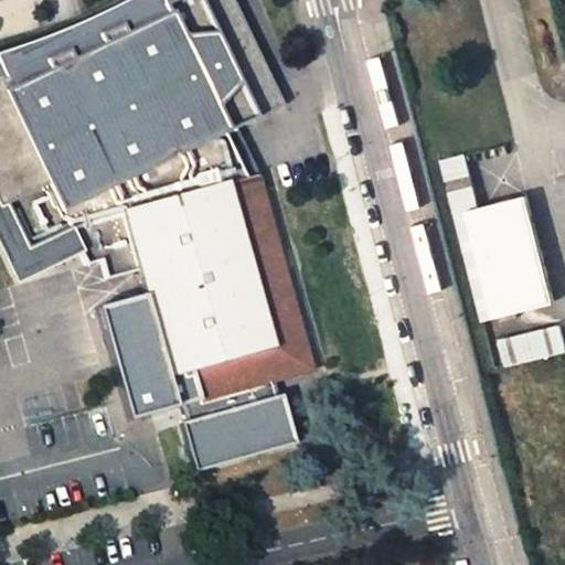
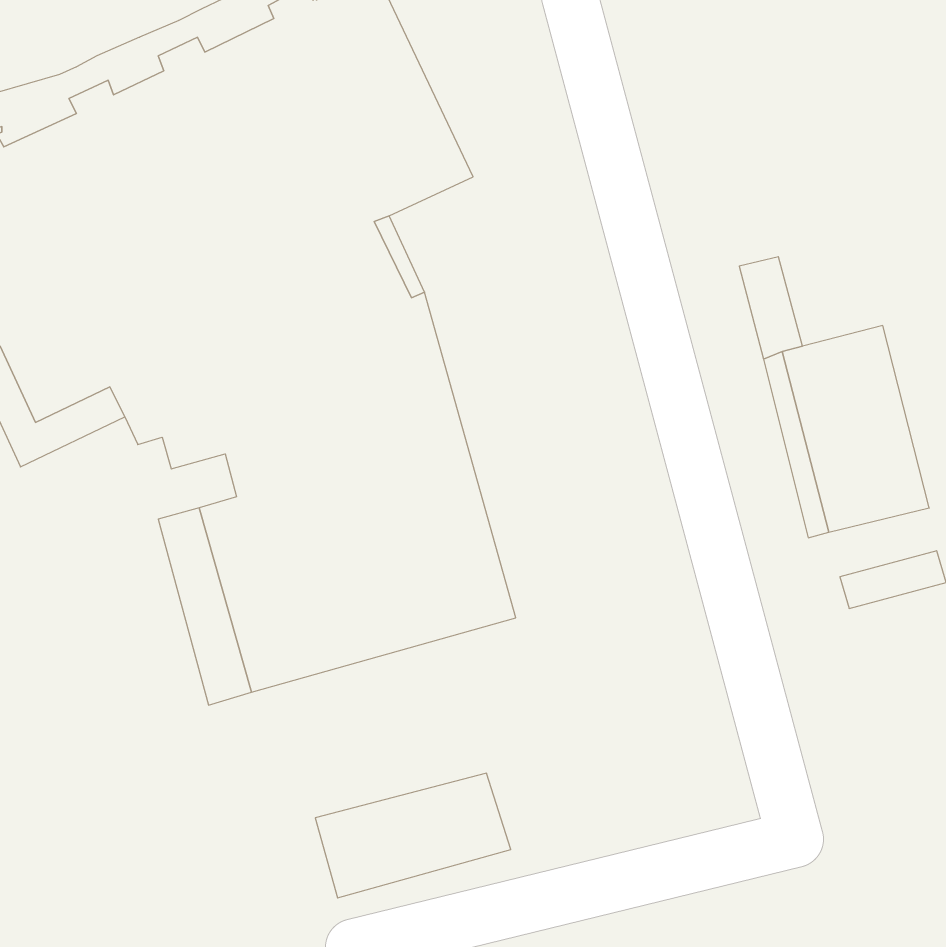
building: [182,394,298,468] -> [315,773,511,898]

